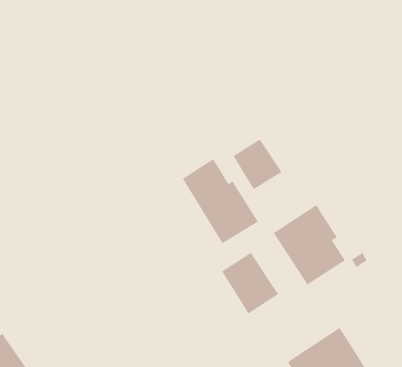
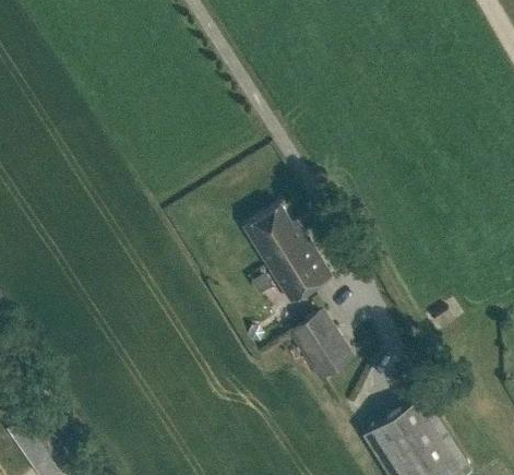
building: [232,139,282,190] -> none
building: [273,204,346,285] -> none

